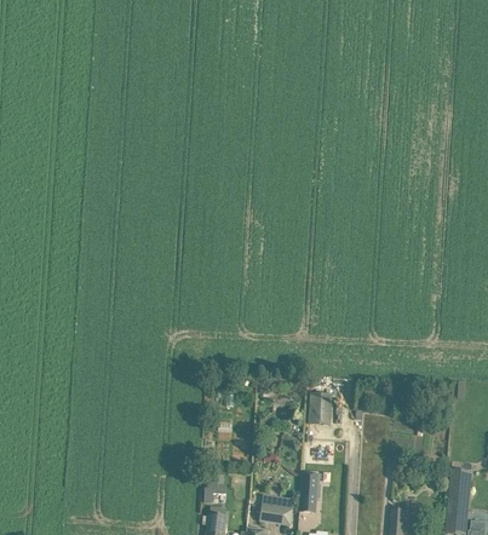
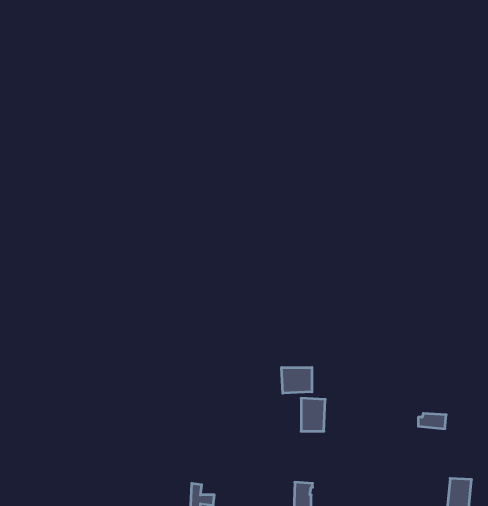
building: none -> [282,367,312,393]

